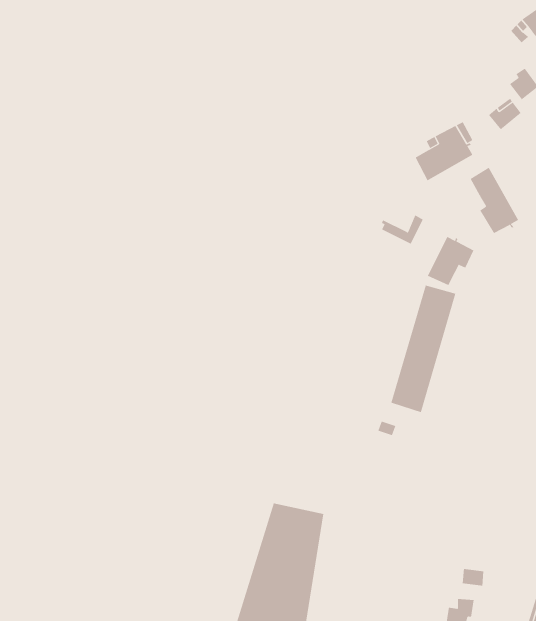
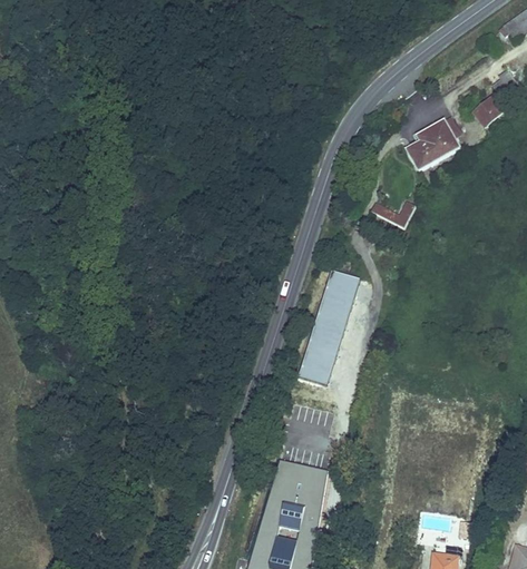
building: [470,167,519,234] -> none
building: [427,236,474,286] -> none
building: [390,285,456,413] -> [299,272,358,386]

